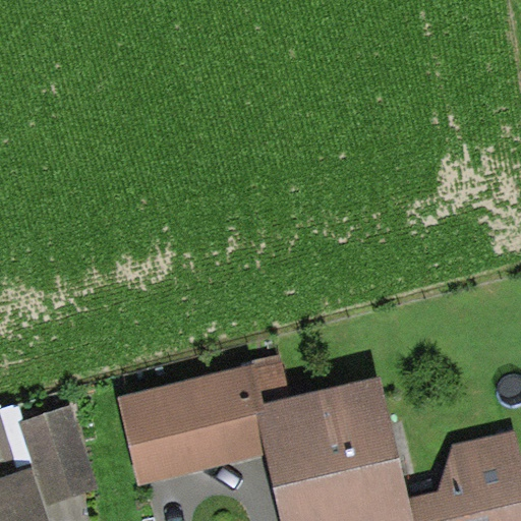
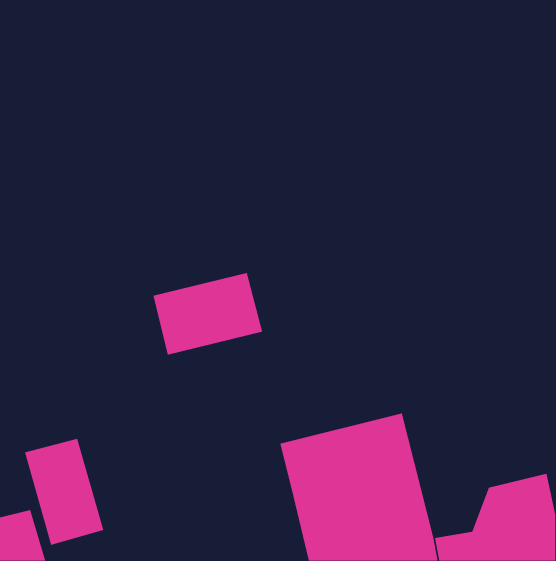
building: none -> [153,272,263,356]
building: [120,365,270,483] -> none

